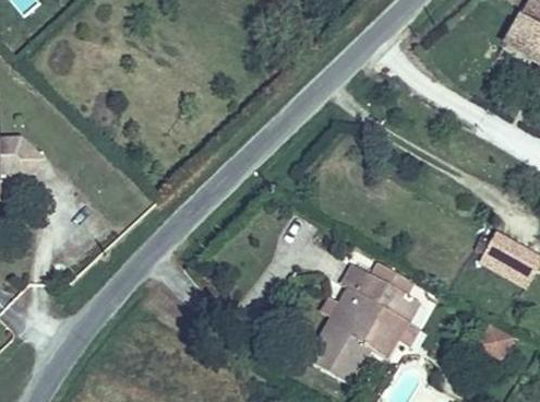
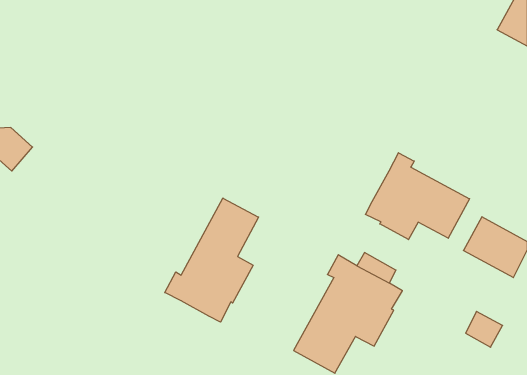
building: none -> [365,153,470,240]
building: none -> [165,198,259,322]

